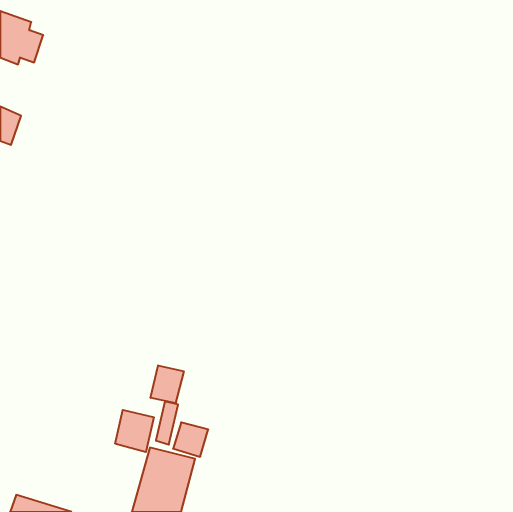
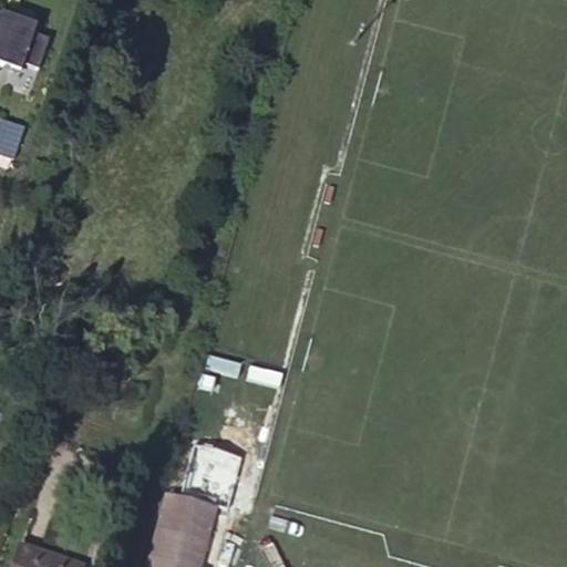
building: [151,365,184,403] -> none
building: [115,410,154,452] -> none

